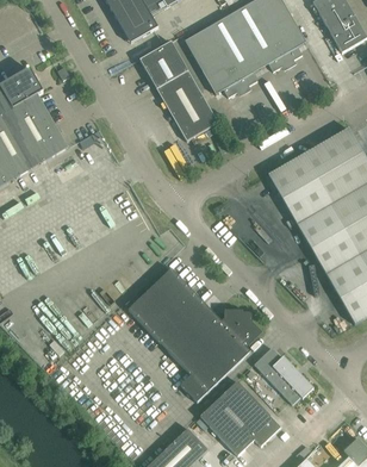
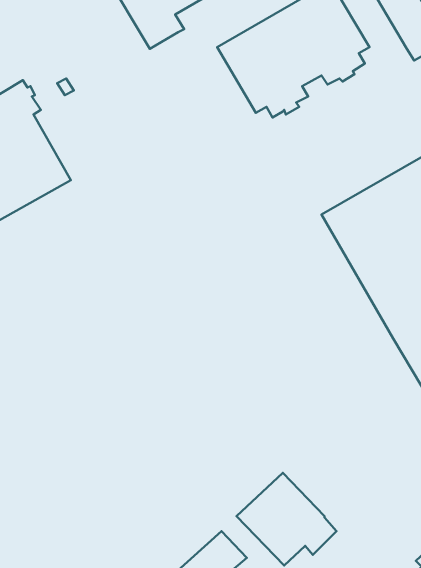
building: [139,41,218,139] -> none
building: [129,267,262,401] -> none
building: [254,347,313,404] -> none

